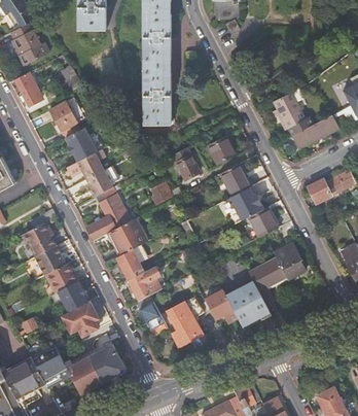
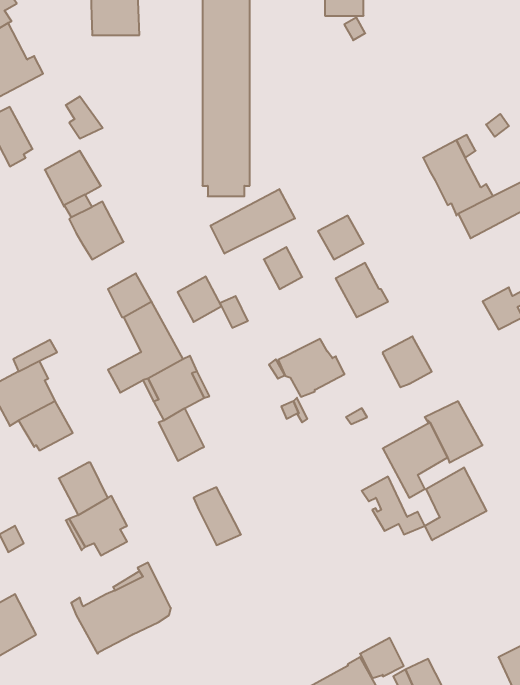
building: none -> [211,189,295,254]
building: [77,152,103,179] -> [178,276,221,322]
building: [226,186,265,220] -> [278,339,345,397]
building: [48,263,75,290] -> none
building: [126,266,166,301] -> none
building: none -> [425,467,486,540]
building: [204,289,238,322] -> none
building: [170,300,206,345] -> none
building: [30,343,68,379] -> none

